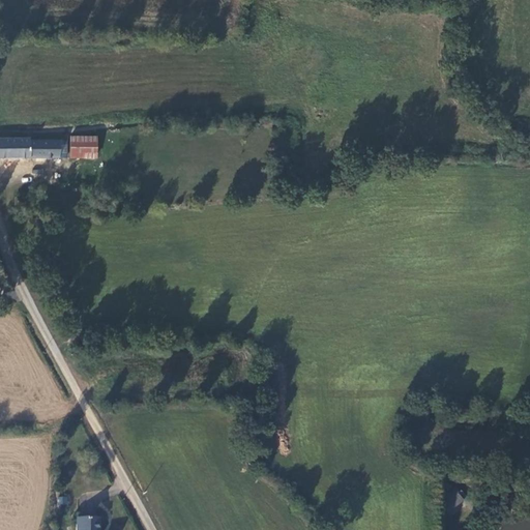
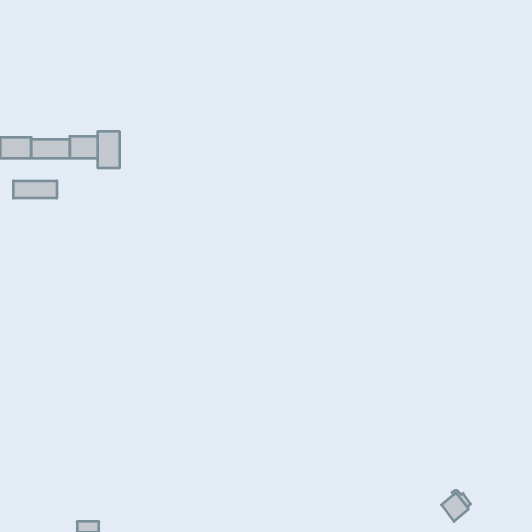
building: none -> [98,131,119,168]
building: none -> [13,181,57,198]

